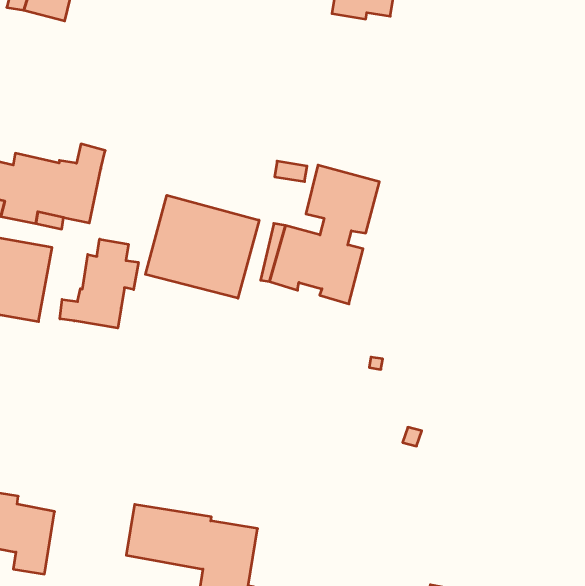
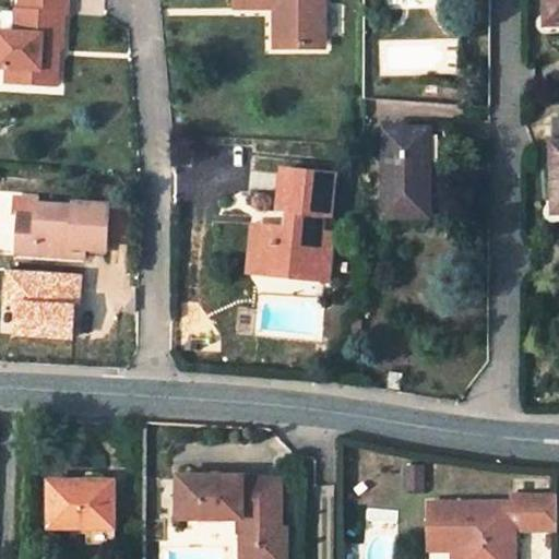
building: none -> [383,129,428,216]
building: [145,195,259,298] -> none
building: [60,239,138,328] -> none

